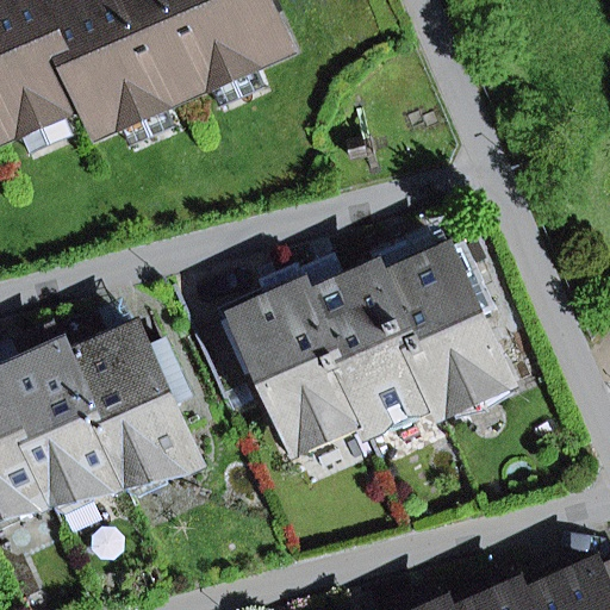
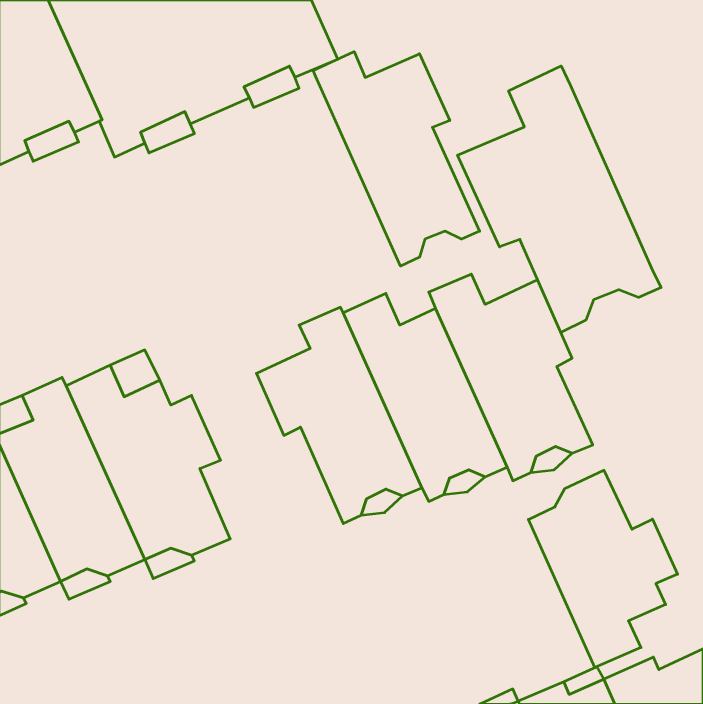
building: none -> [313,52,480,266]
building: none -> [458,66,661,332]
building: none -> [528,470,678,668]

